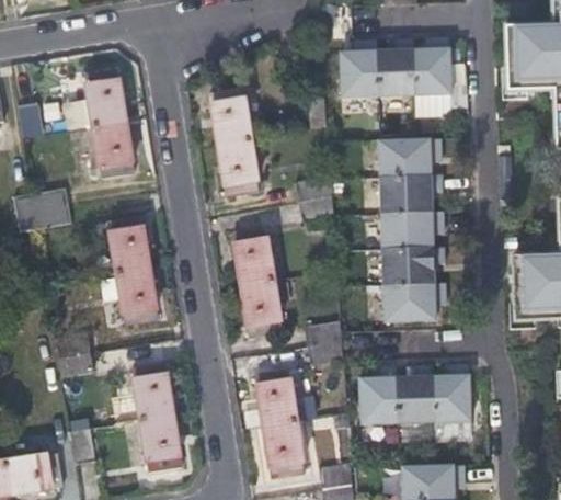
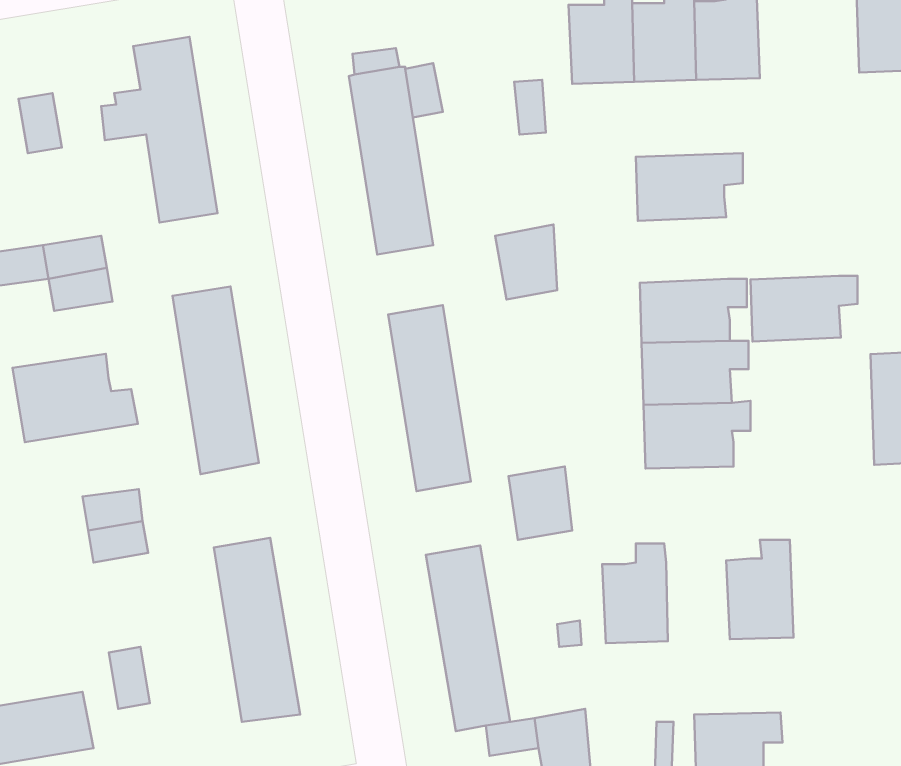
building: [379,175,442,214] -> [751,276,858,341]
building: none -> [12,354,138,442]
building: [396,365,433,423] -> none

